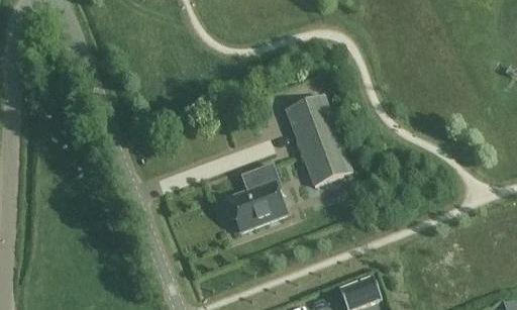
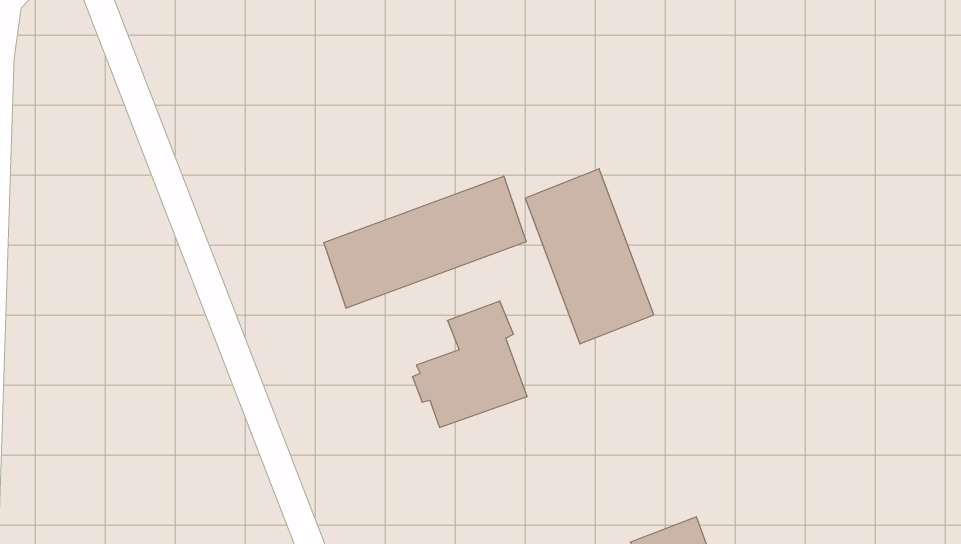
building: none -> [324,176,526,308]

